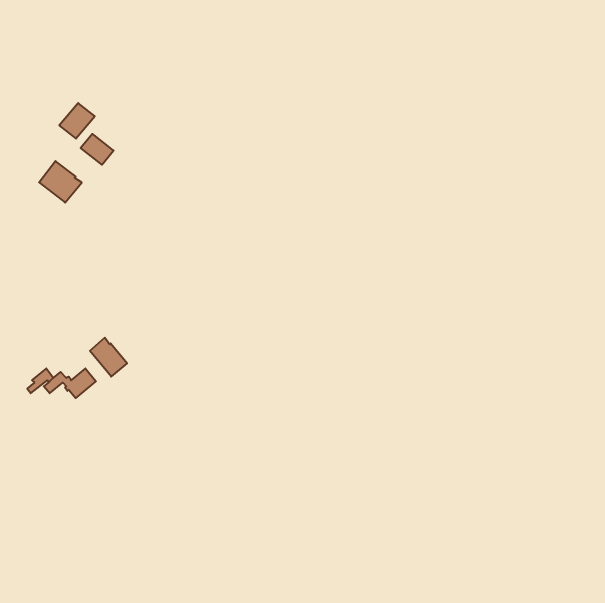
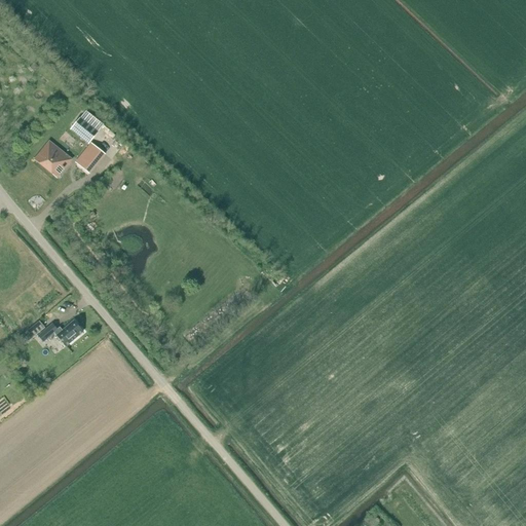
building: [59,103,95,139] -> [75,142,106,173]
building: [90,338,127,377] -> none

